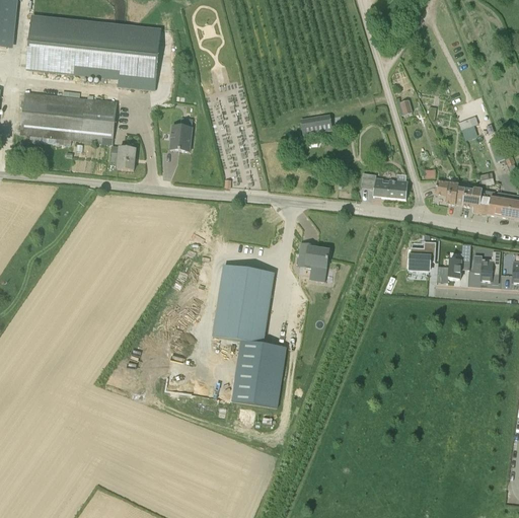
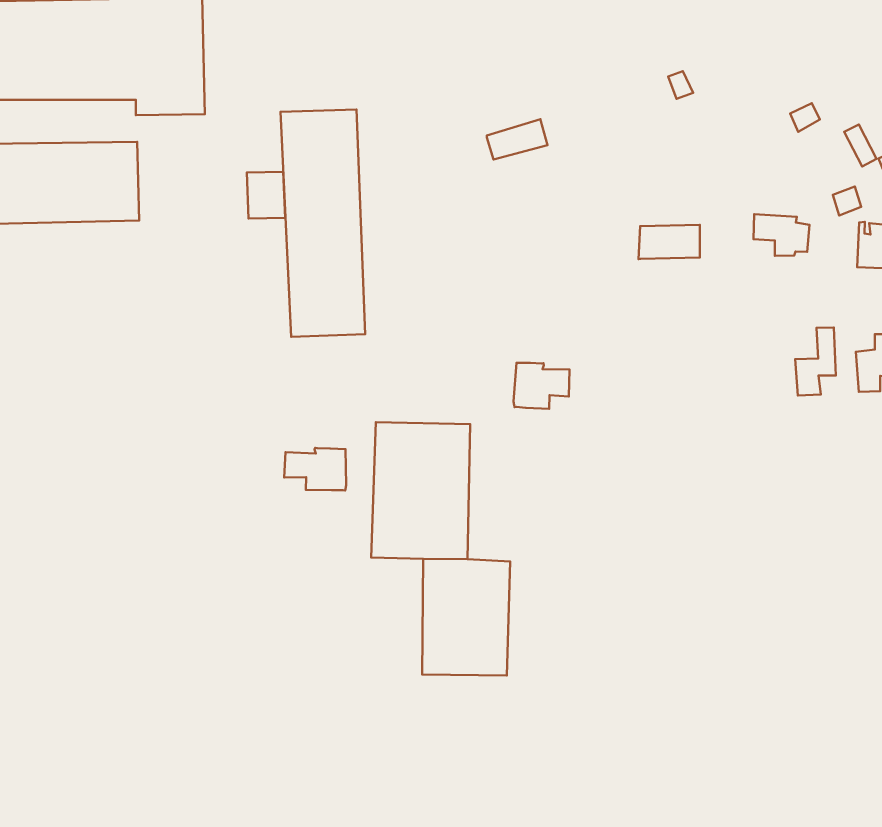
building: none -> [280,109,365,337]
building: [110,145,136,168] -> none
building: [462,186,492,213] -> none
building: [412,242,438,271] -> none
building: none -> [284,448,346,491]

